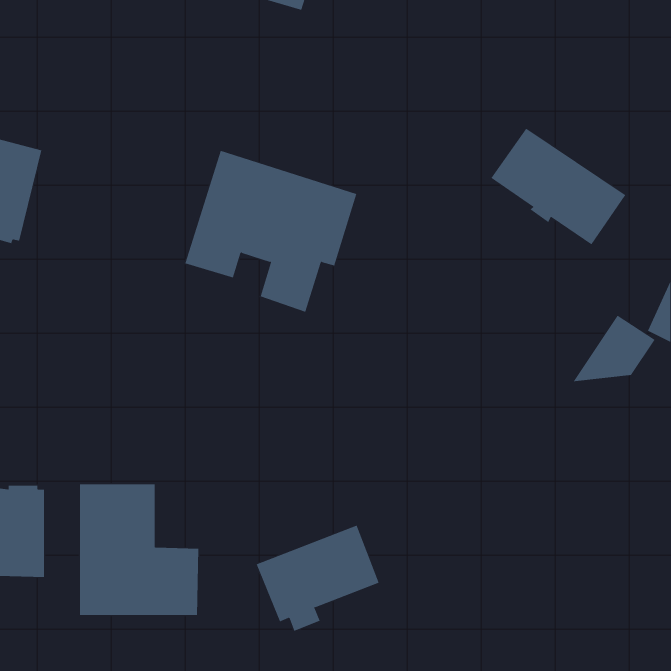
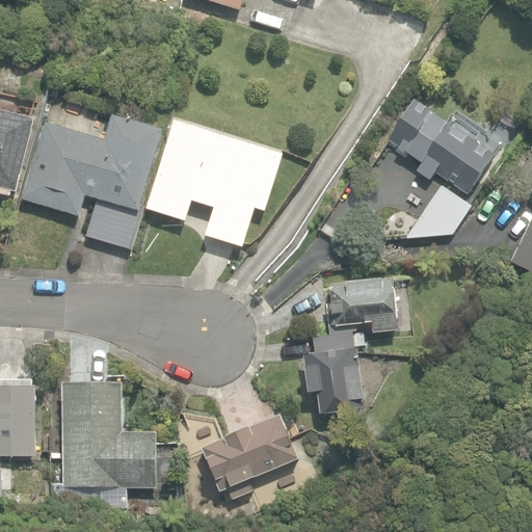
building: none -> [22,113,163,247]
building: [572,315,655,382] -> [404,185,470,238]
building: none -> [302,277,397,413]

